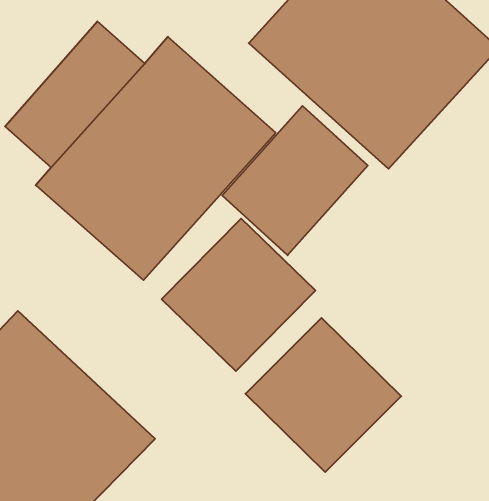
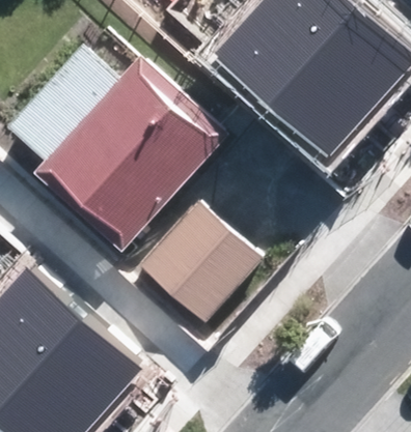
building: [222,106,368,255] -> none
building: [245,318,401,472] -> none

